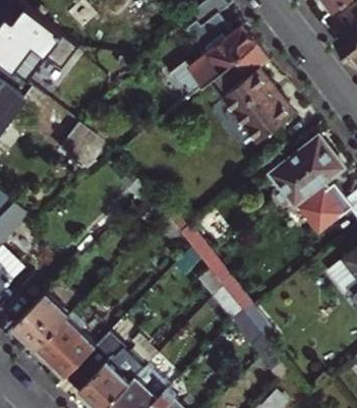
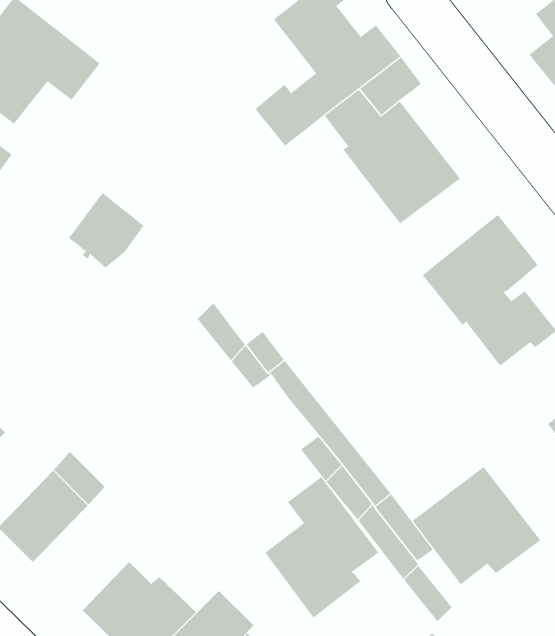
building: none -> [412,466,541,585]
building: none -> [264,476,379,619]
building: [37,316,97,376] -> none

